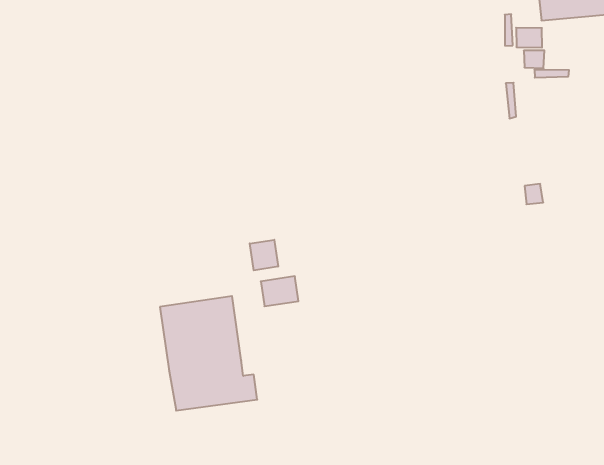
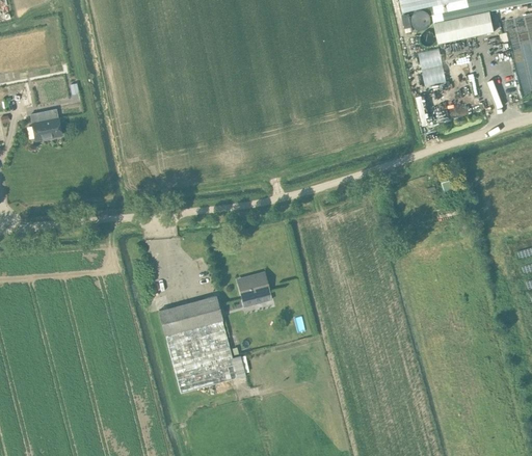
building: none -> [29,107,61,138]
building: [250,240,278,270] -> none

